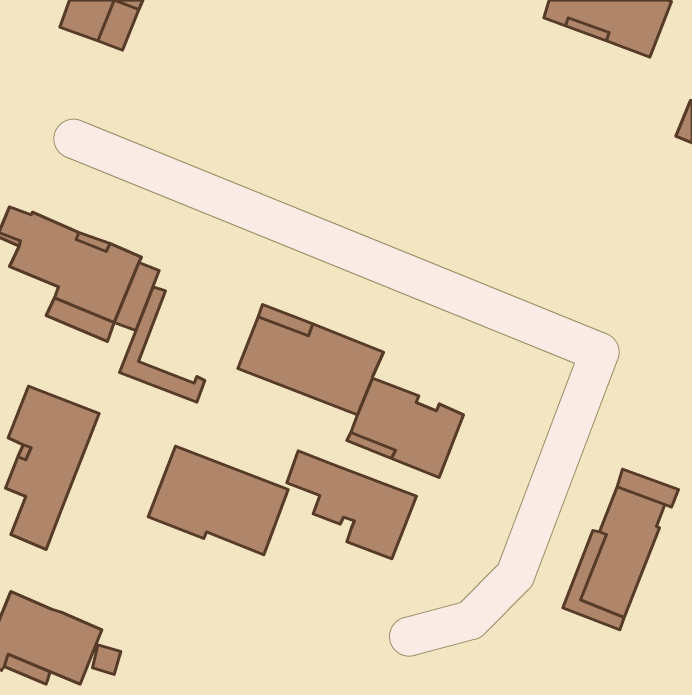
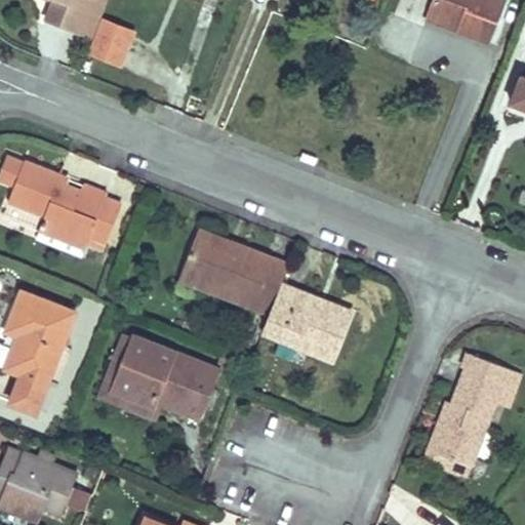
building: none -> [87,13,136,66]
building: [119,287,205,402] -> [97,333,162,420]
building: [287,451,416,559] -> none

